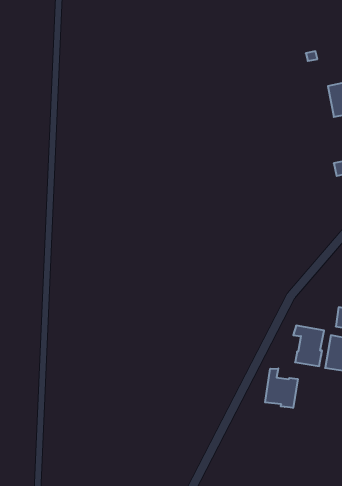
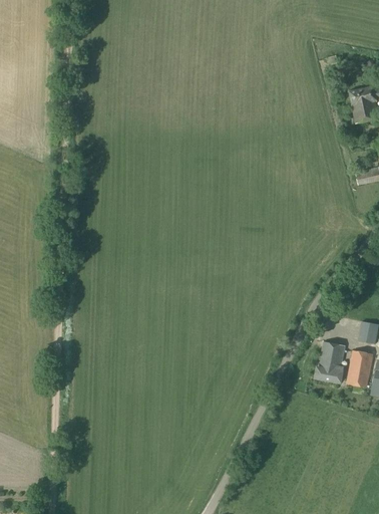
building: [265,368,298,408] -> none

